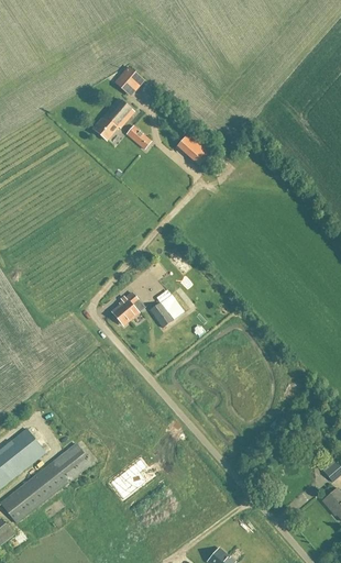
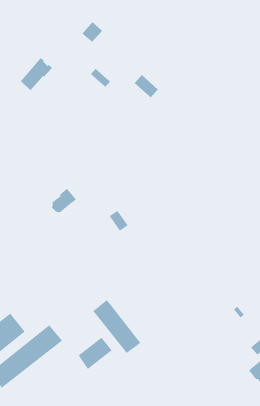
building: [92,99,133,141] -> [20,57,53,91]
building: [112,292,144,323] -> [51,188,77,213]
building: none -> [92,299,141,354]

